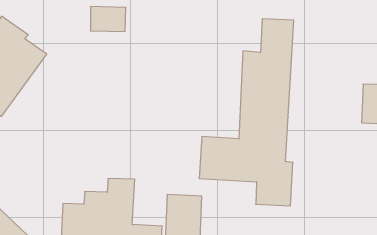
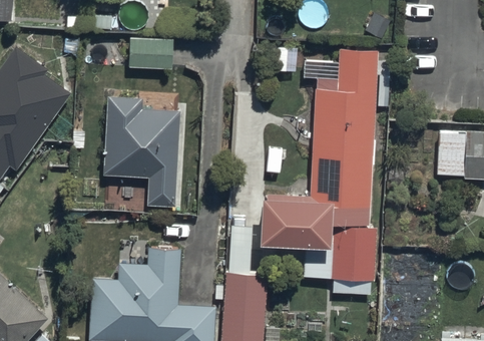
building: none -> [102,97,180,208]

